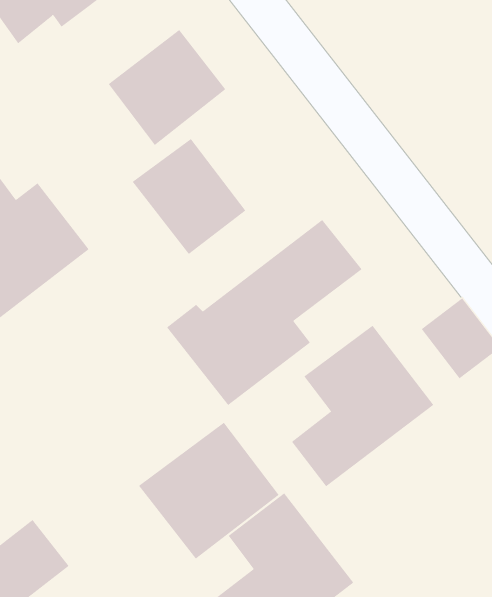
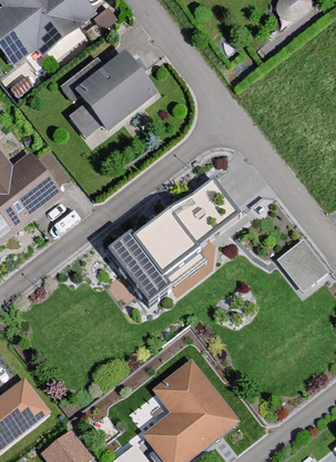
building: [132,138,246,255] -> none
building: [291,325,434,487] -> none
building: [138,422,280,560] -> none

